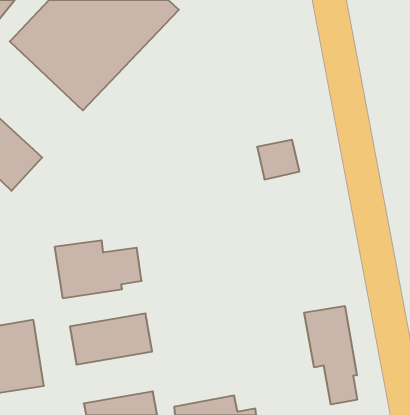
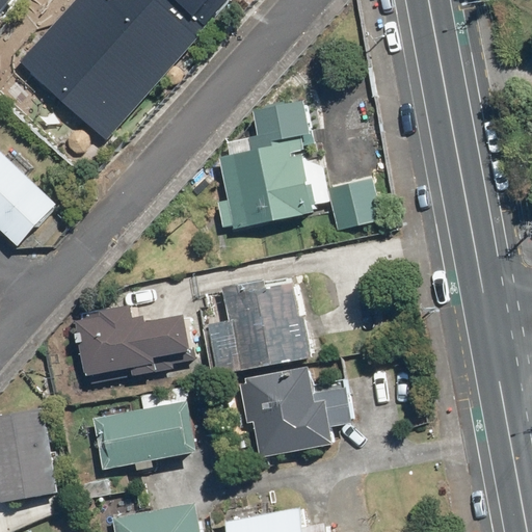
building: none -> [215,99,328,227]
building: none -> [207,278,313,372]
building: none -> [238,365,352,455]
building: [304,306,357,404] -> none

